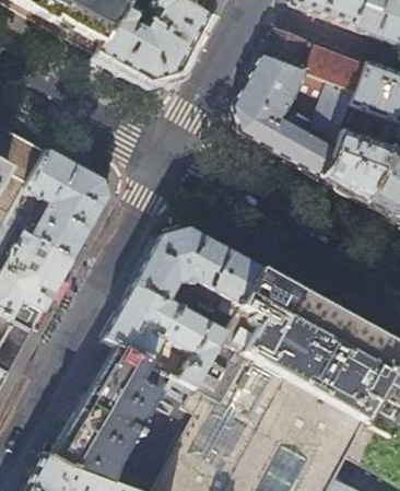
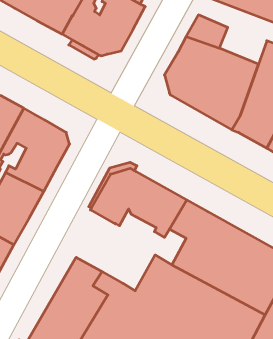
building: [306,43,368,92] -> none
building: [106,283,227,389] -> none

